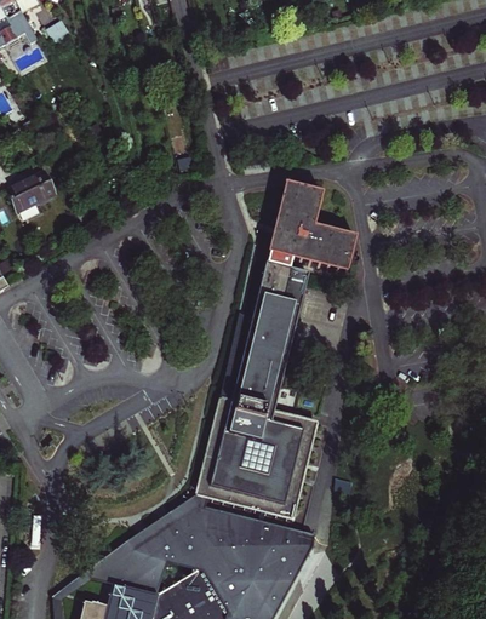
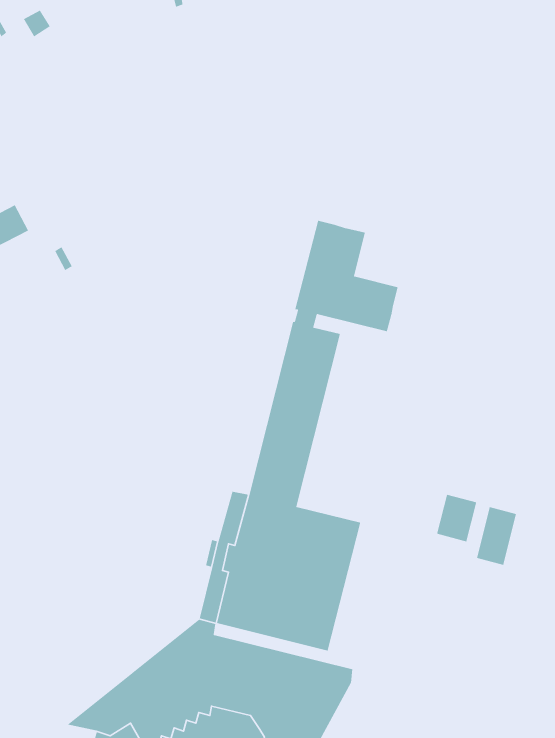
building: none -> [436,494,477,542]
building: none -> [476,506,517,566]

